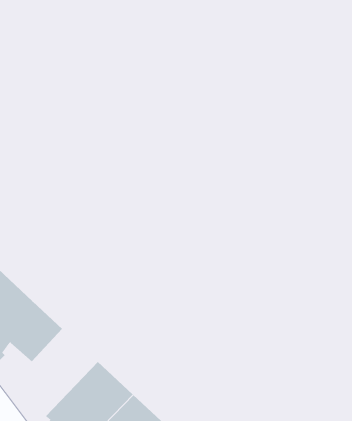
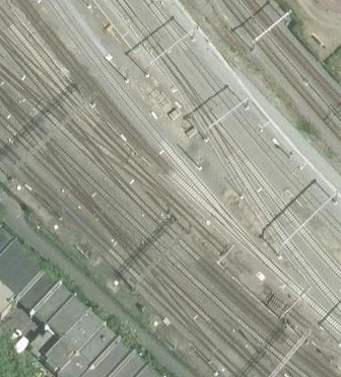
building: none -> [45,298,104,372]

